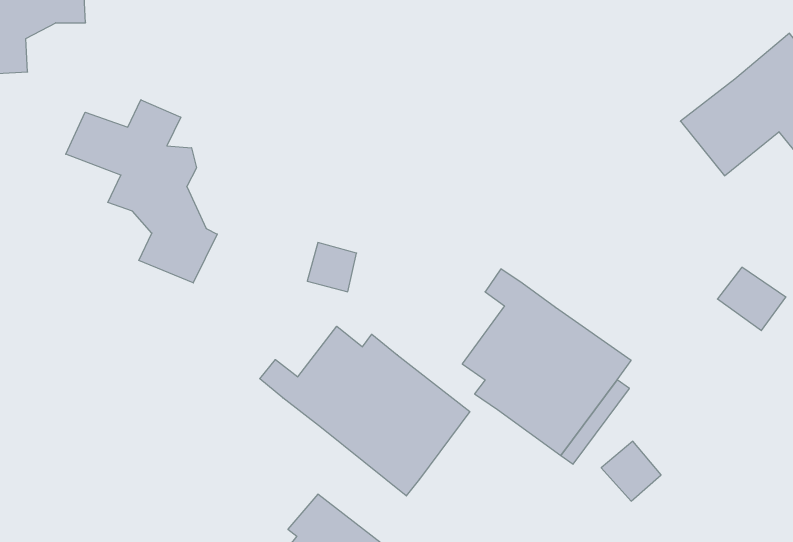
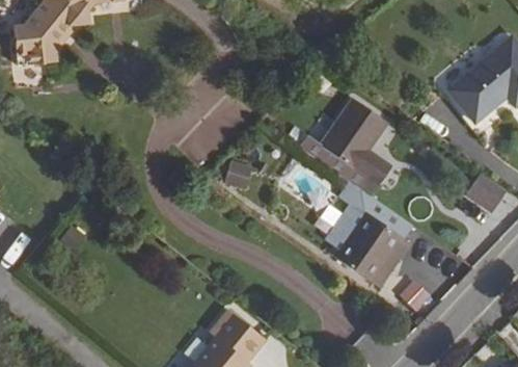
building: [66,100,217,283] -> none
building: none -> [305,99,391,196]
building: [260,326,470,496] -> none

